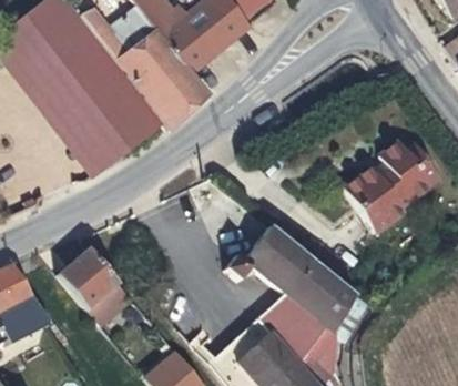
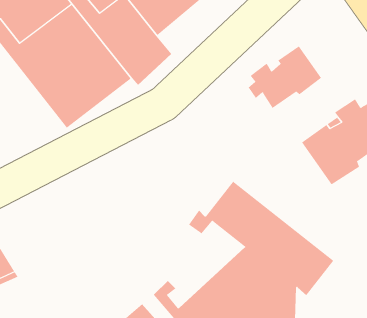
building: none -> [248,45,322,109]
building: [60,248,133,325] -> none

